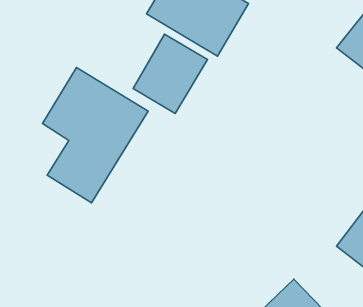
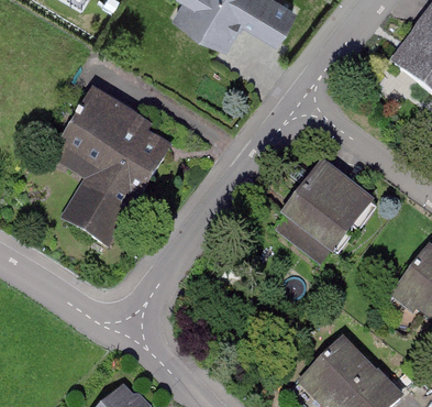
building: [133,34,207,114] -> none
building: none -> [279,156,377,253]

